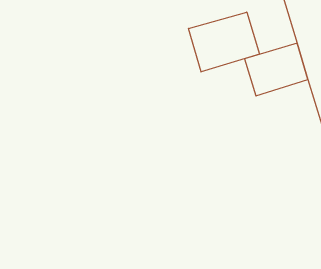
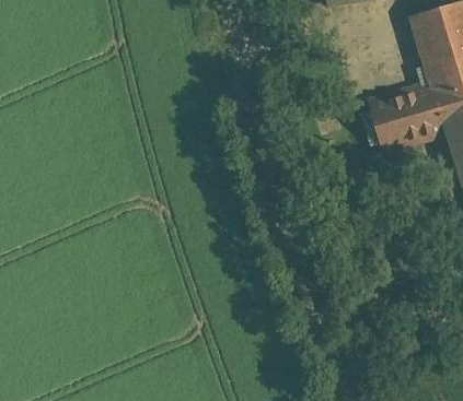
building: [189,12,259,72] -> none

